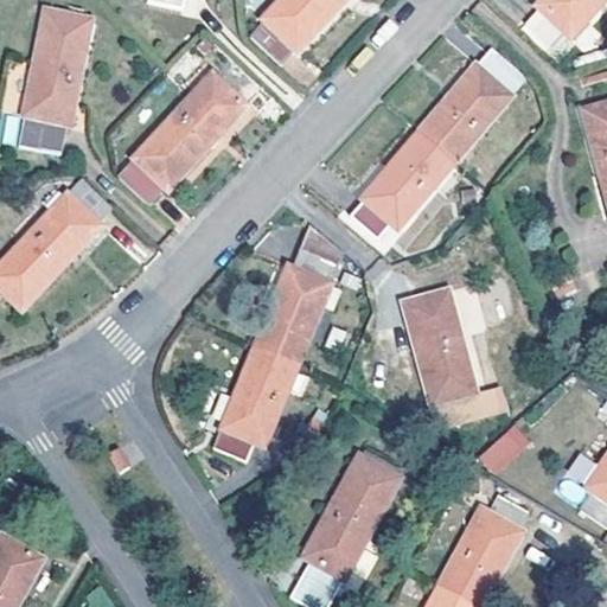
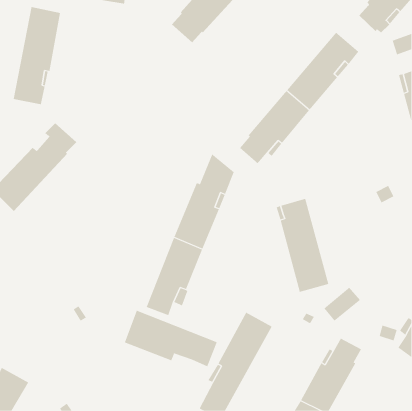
building: [117,78,243,204] -> none
building: none -> [124,310,217,367]

